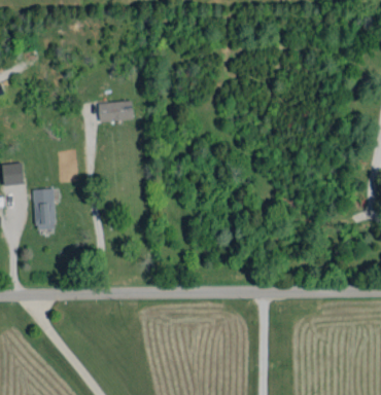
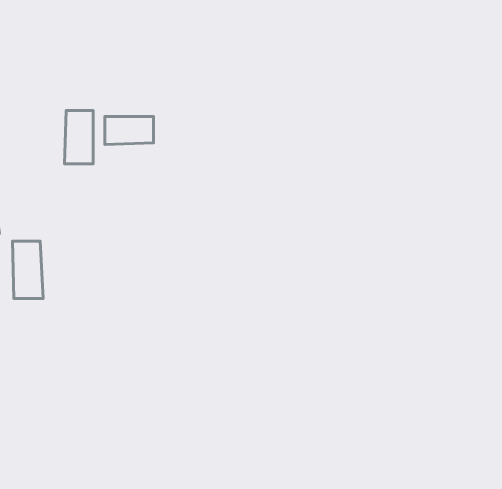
building: none -> [65,111,93,164]

